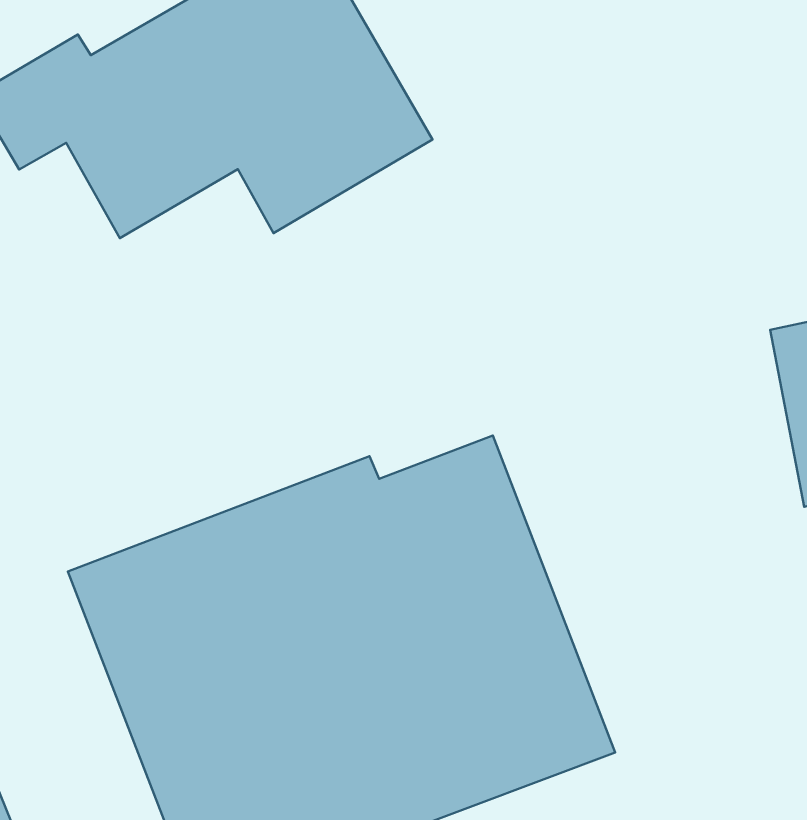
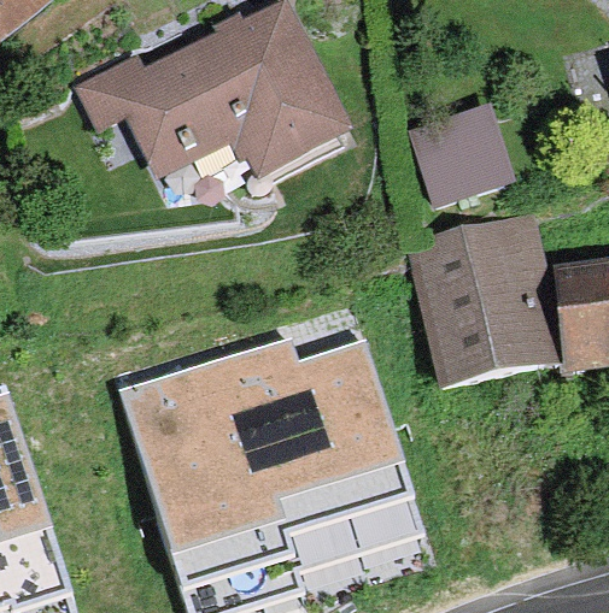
building: none -> [409,104,515,210]
building: none -> [409,211,561,395]

